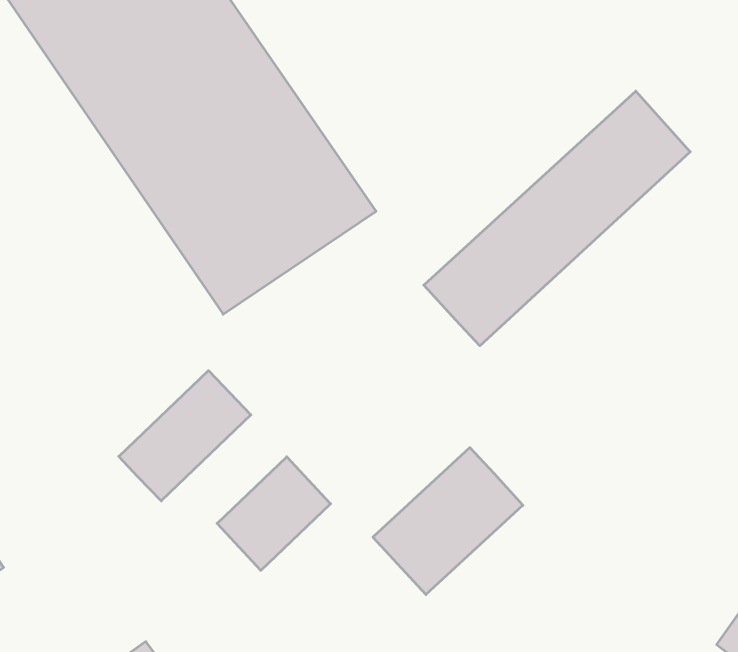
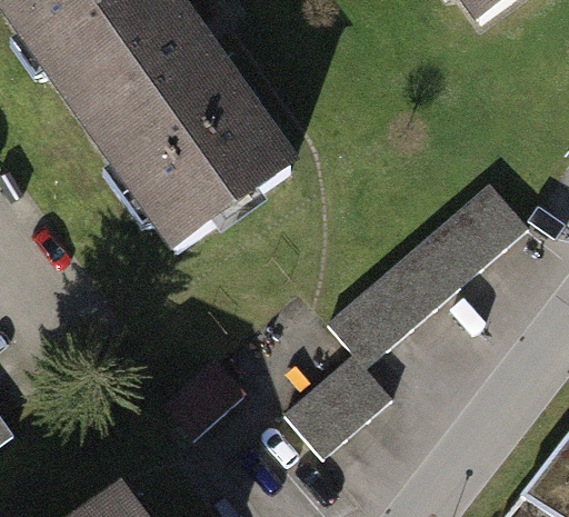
building: [424,91,690,346] -> [332,179,528,366]
building: [119,371,251,501] -> none

